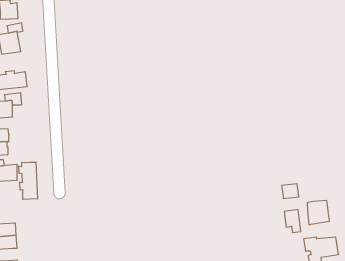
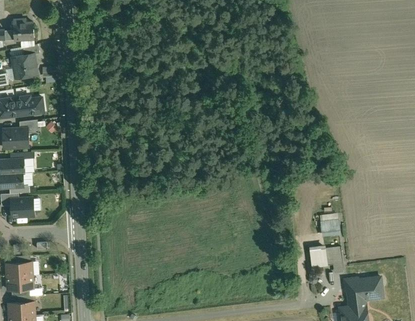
building: [19,162,38,199] -> none
building: [307,200,329,225] -> none

